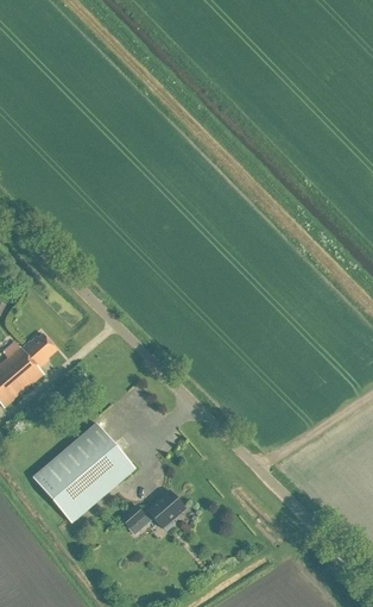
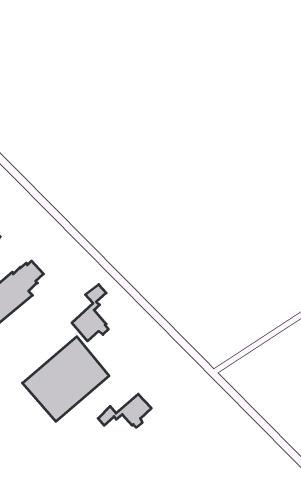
building: none -> [72,284,108,341]

